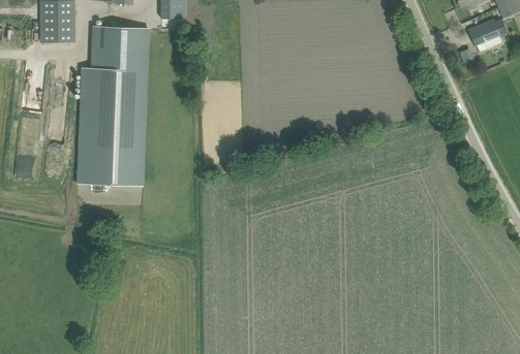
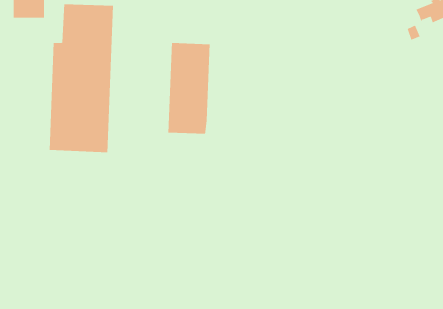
building: none -> [168,42,210,135]

